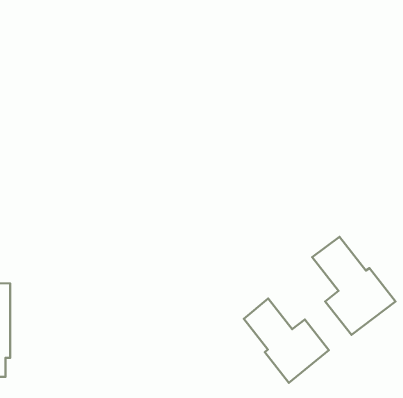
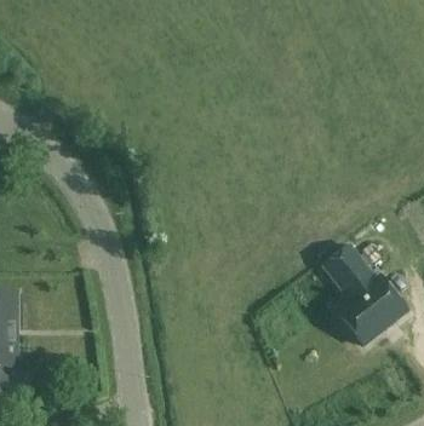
building: [244,299,329,383] -> none

